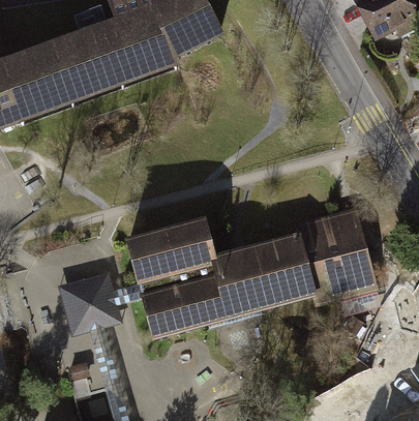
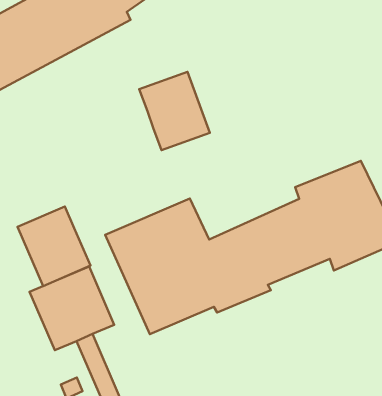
building: none -> [139,72,210,150]
building: none -> [17,207,90,286]

